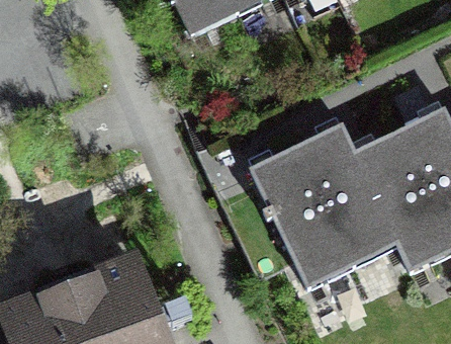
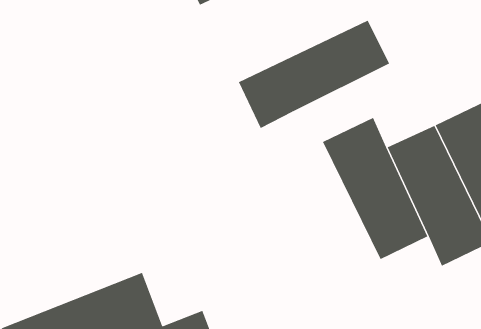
building: none -> [238,20,390,129]
building: [257,150,355,279] -> none

